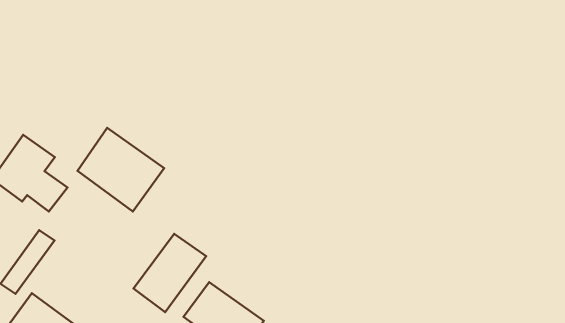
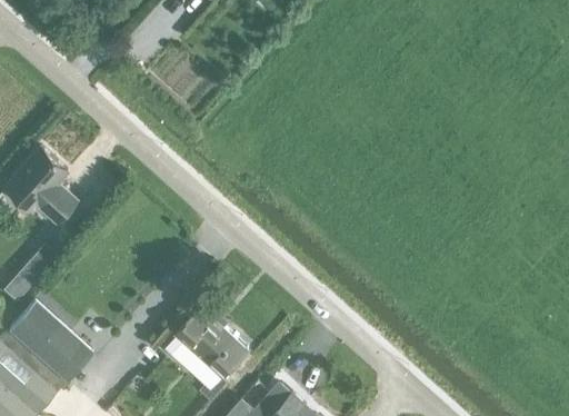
building: [77,128,164,211] -> none
building: [133,234,206,312] -> none

